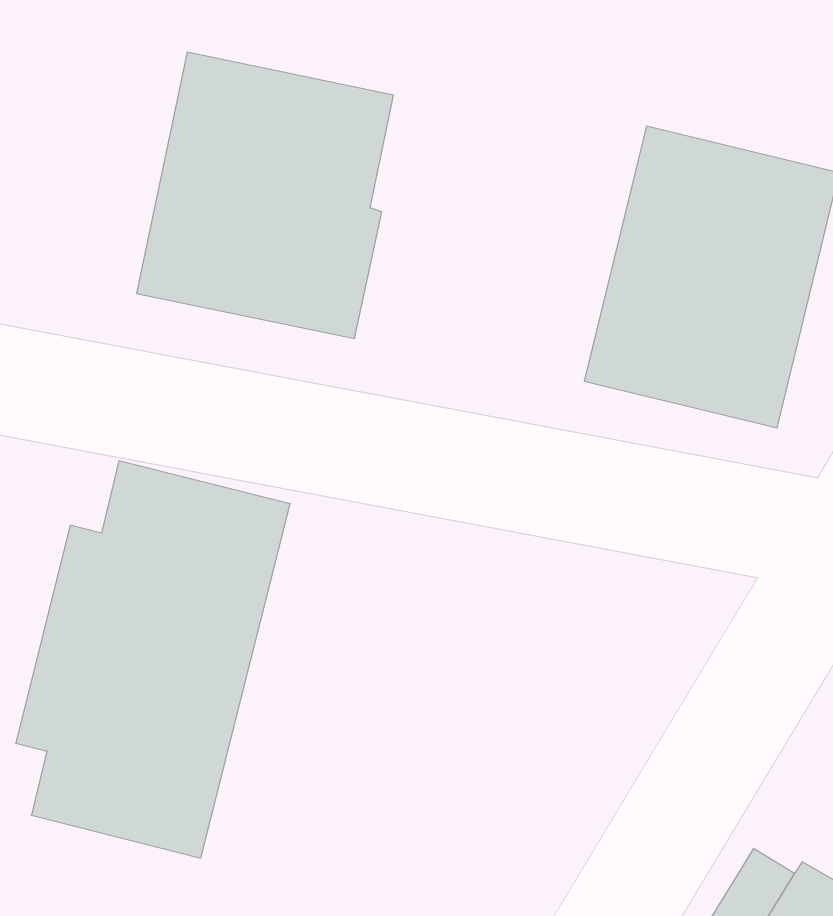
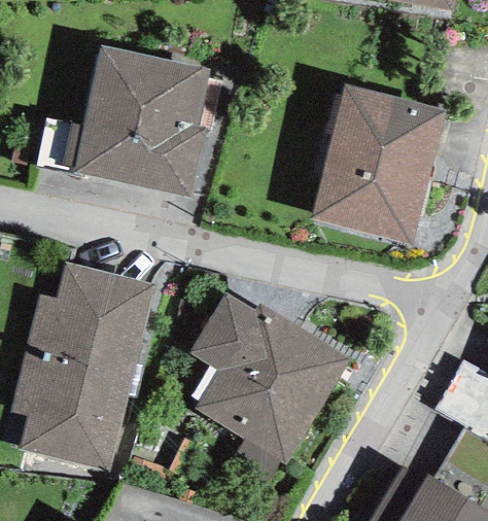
building: none -> [188,292,350,464]

